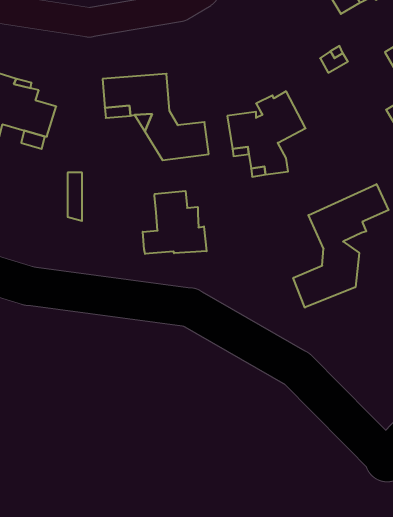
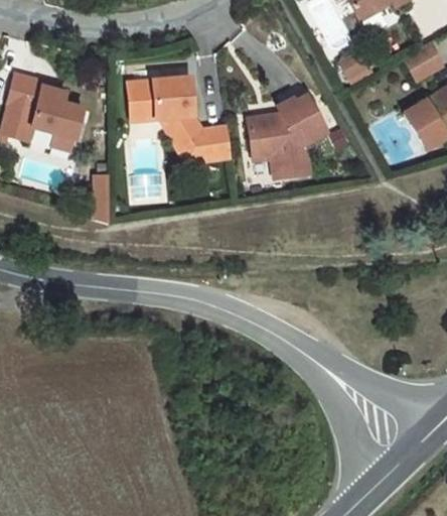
building: [293,184,389,308] -> none
building: [143,191,207,254] -> none

